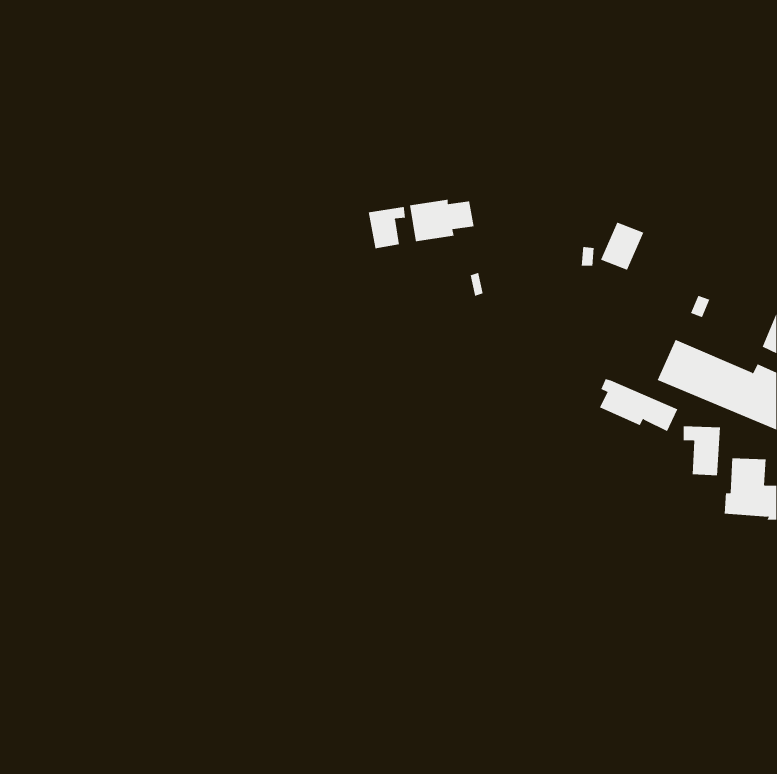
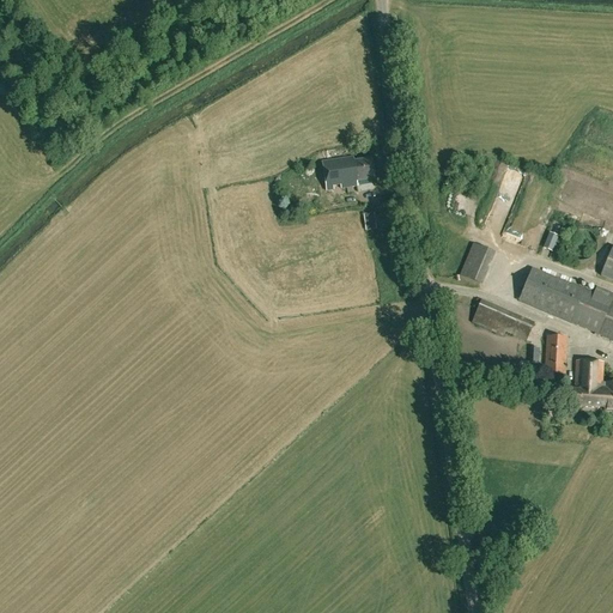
building: [368,206,406,249] -> none
building: [600,222,644,270] -> [465,243,499,281]

